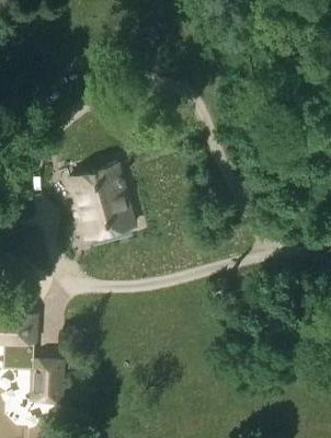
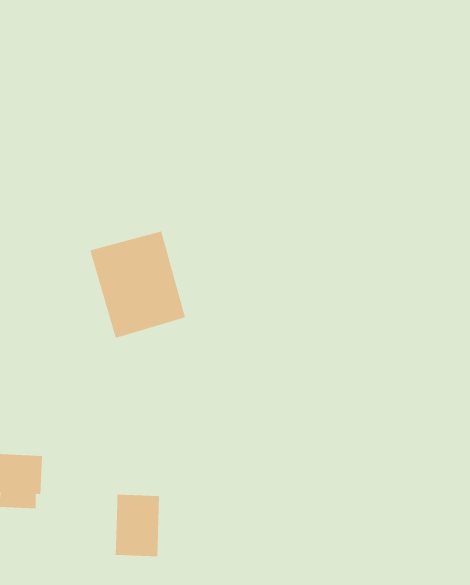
building: [34,358,65,401] -> [115,494,160,557]

